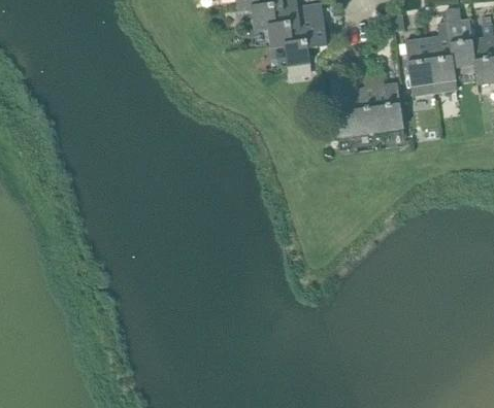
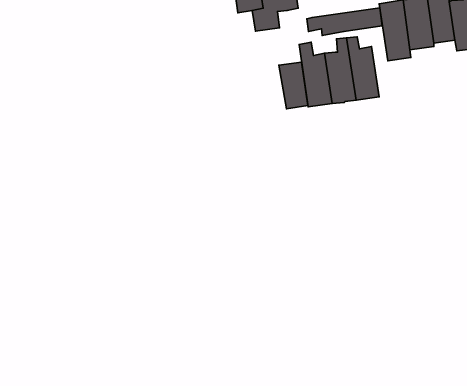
building: none -> [307,8,382,35]
building: none -> [279,62,308,109]

